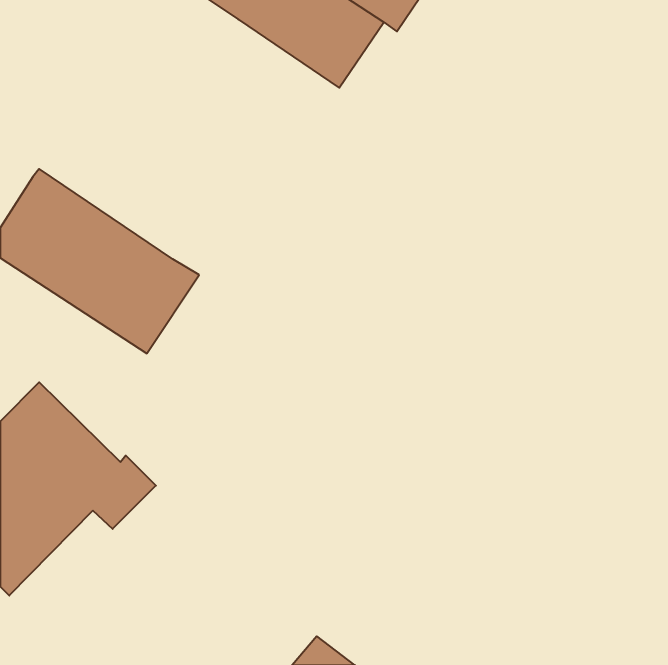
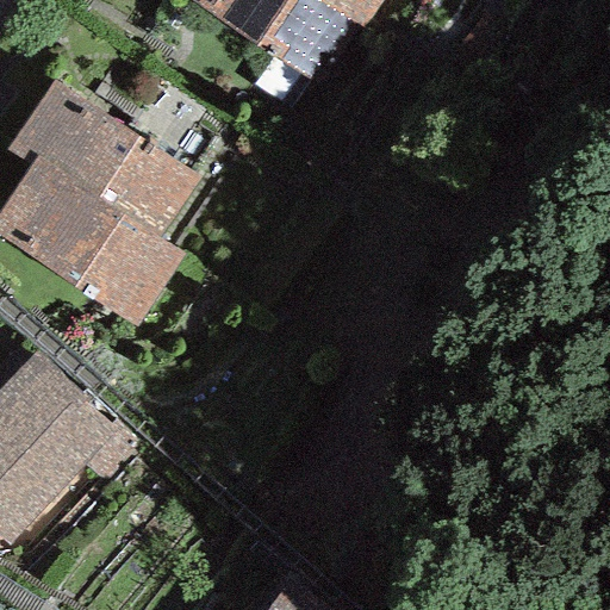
building: none -> [8,77,200,236]

